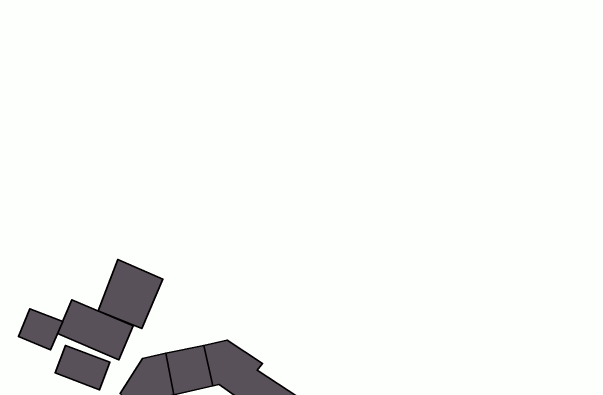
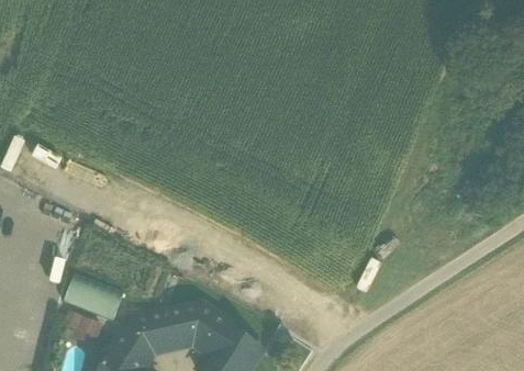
building: [98,260,163,328] -> none
building: [19,309,63,350] -> none

